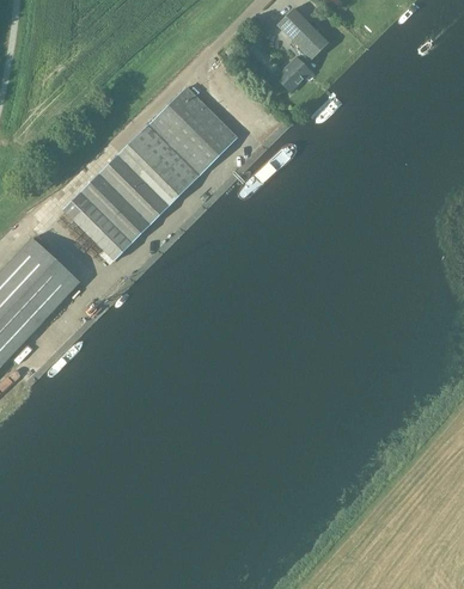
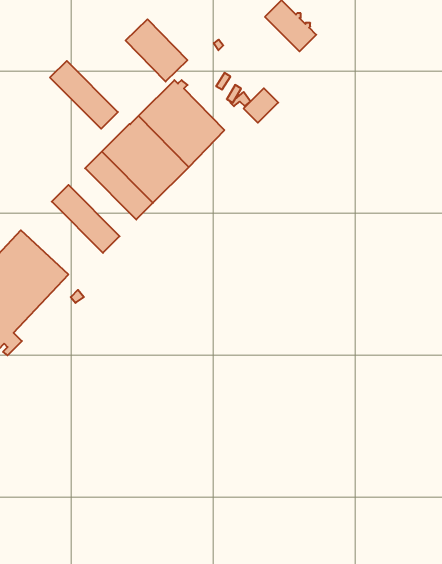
building: none -> [126,19,187,82]
building: [275,57,310,92] -> [244,88,278,123]
building: [79,176,147,244] -> [50,61,118,129]

